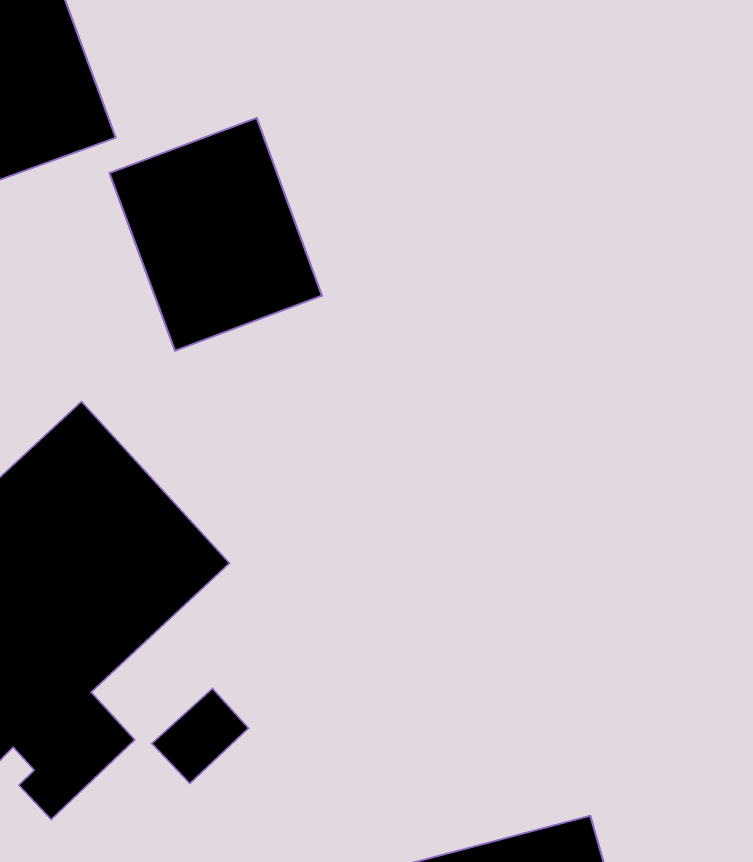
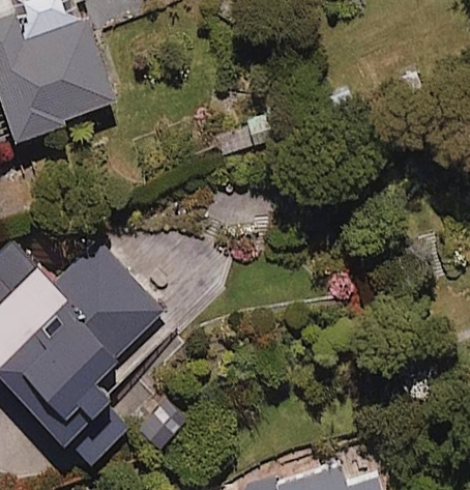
building: [110,118,322,351] -> none

